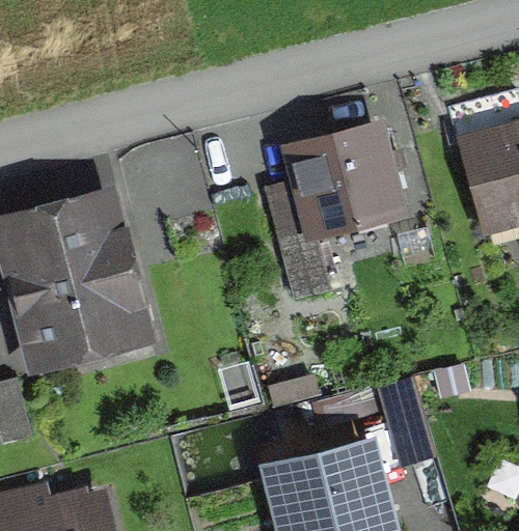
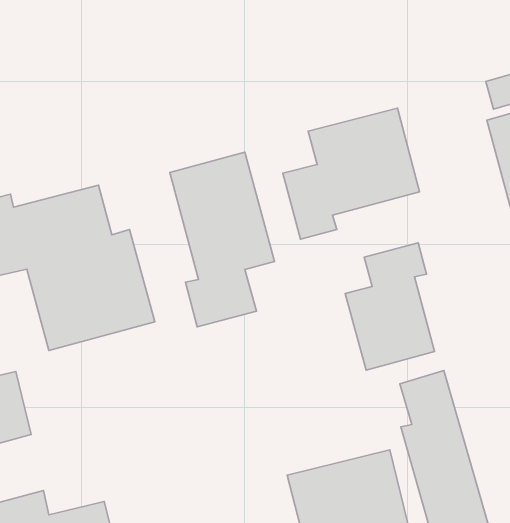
building: none -> [170,152,274,327]
building: none -> [345,243,435,370]

